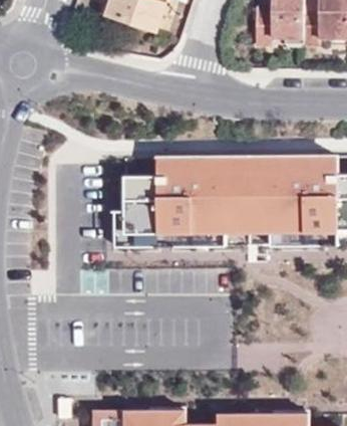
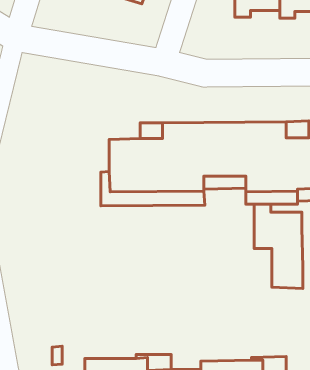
building: none -> [254,204,303,288]

